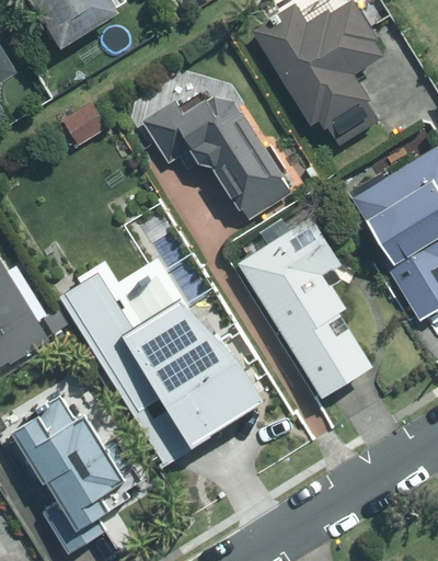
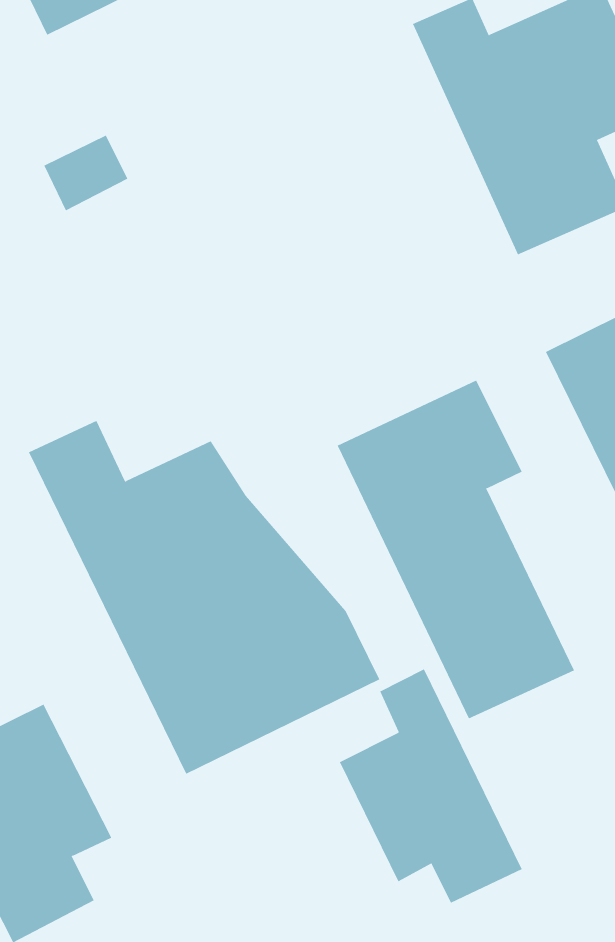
building: [151,92,284,210] -> none
building: none -> [339,668,522,904]

